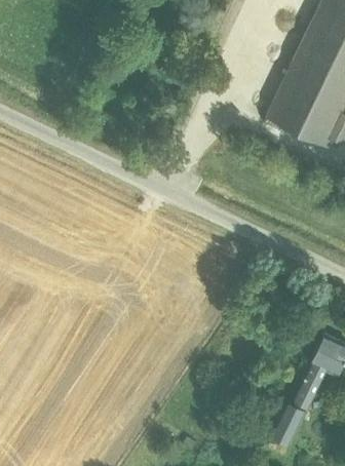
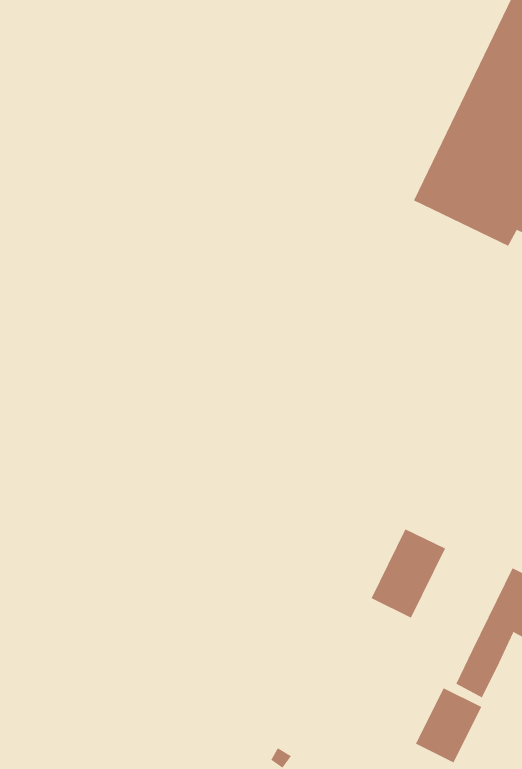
building: none -> [371,528,446,619]

